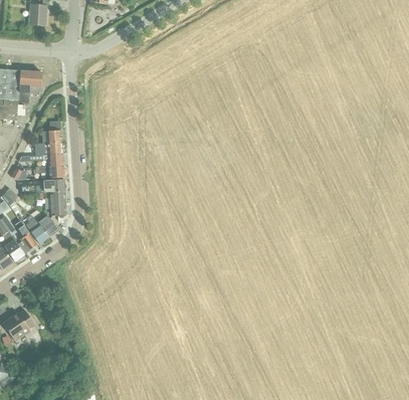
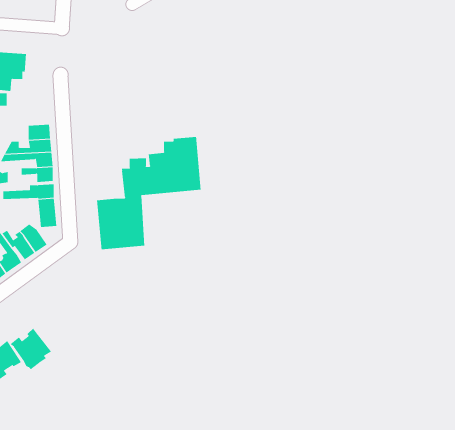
building: none -> [97,136,201,250]
building: none -> [10,328,52,370]

